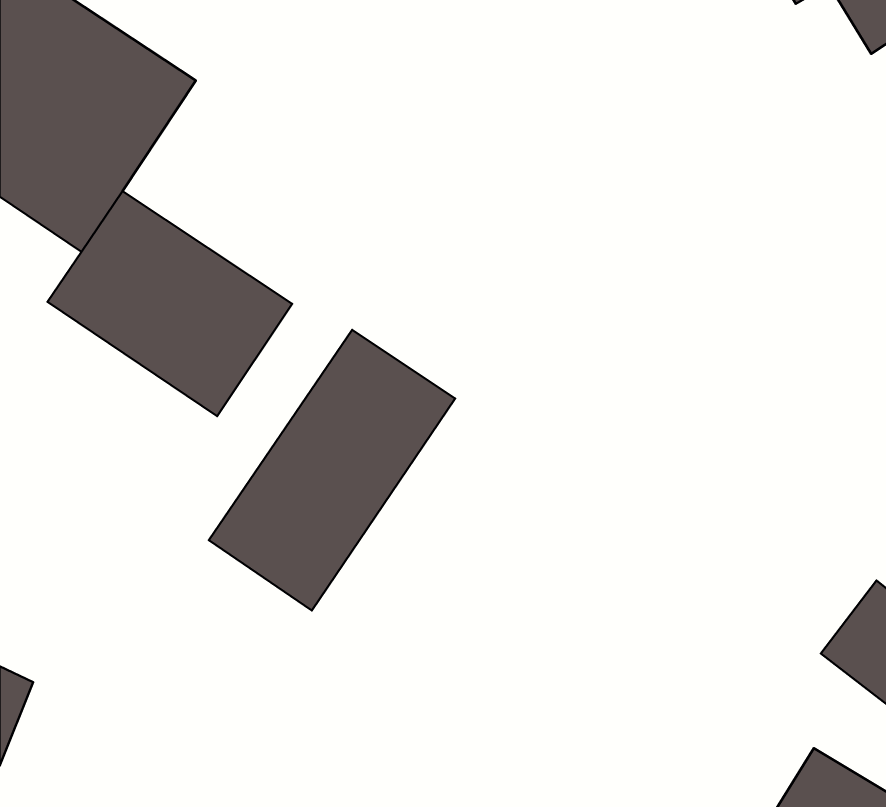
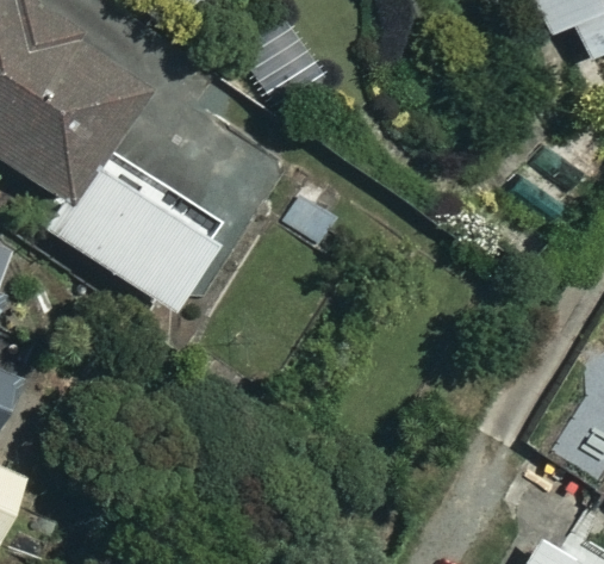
building: [209,330,455,611] -> none

